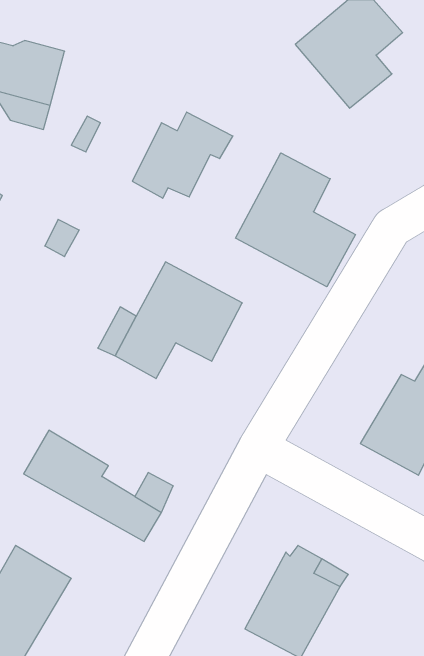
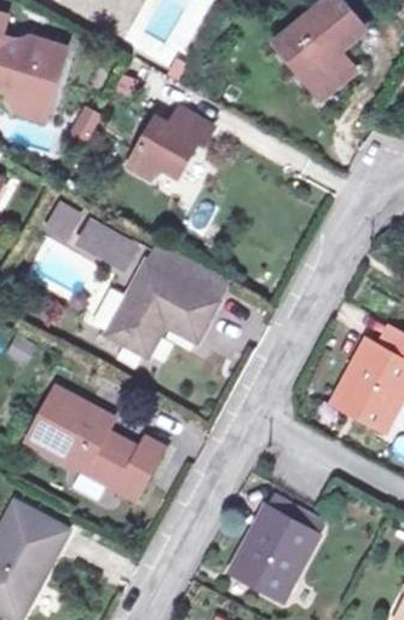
building: [236,153,355,287] -> none
building: none -> [79,217,134,262]

